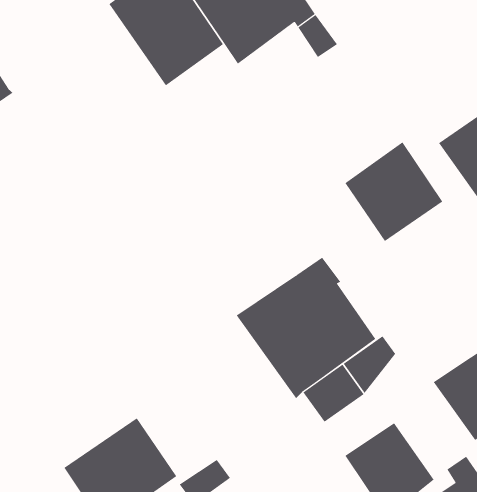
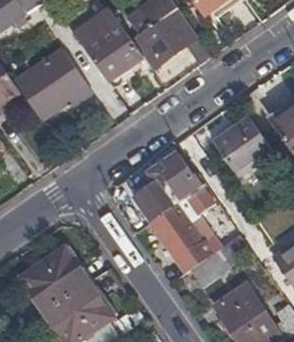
building: none -> [15,49,90,116]
building: none -> [132,153,201,220]
building: none -> [21,245,89,311]

